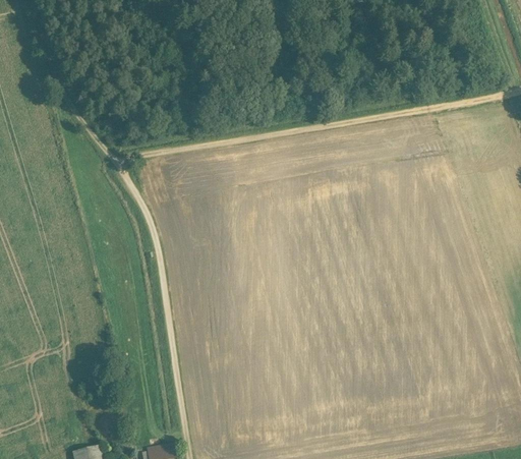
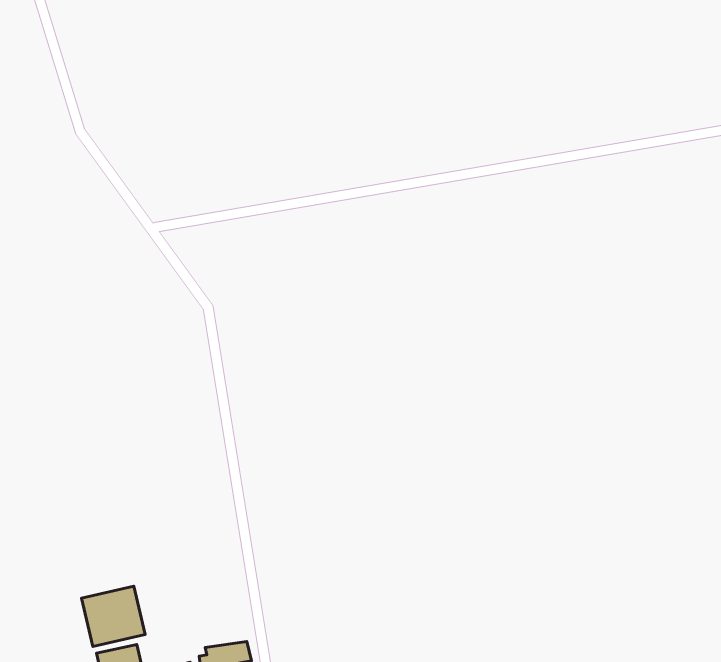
building: none -> [81,586,145,647]

